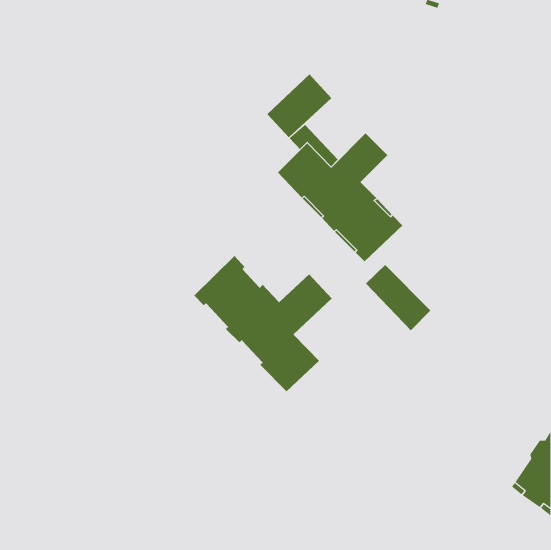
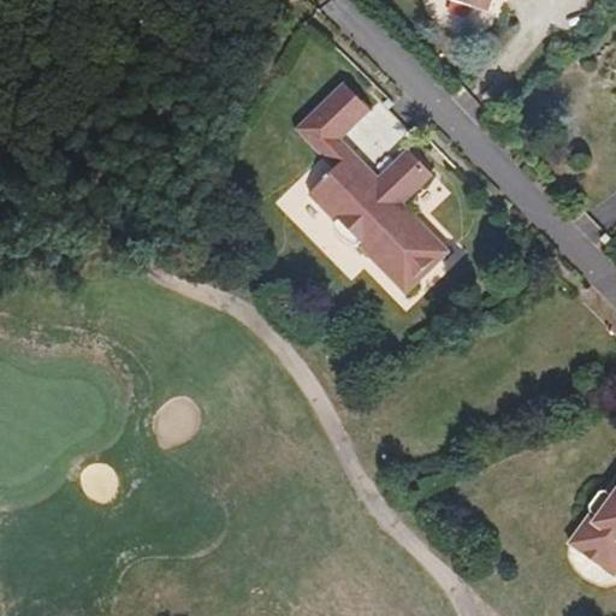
building: [194,255,333,392] -> none
building: [365,264,431,331] -> none

